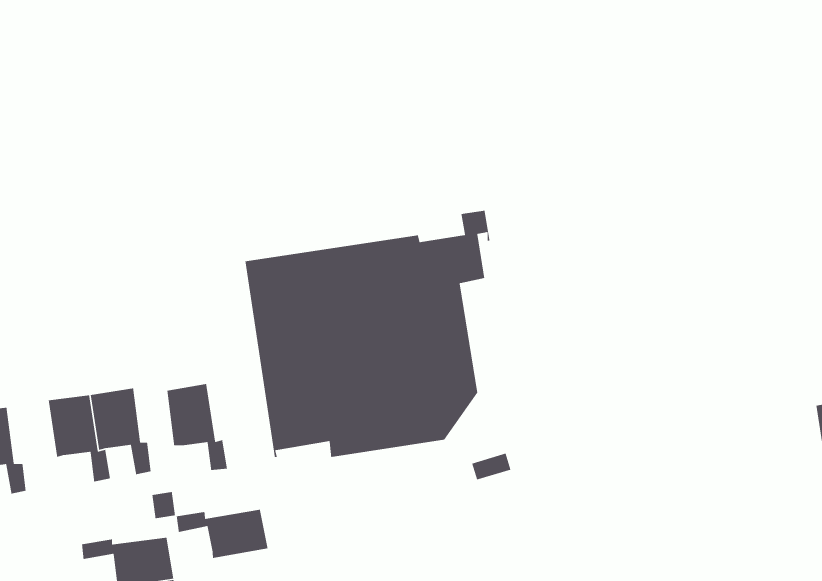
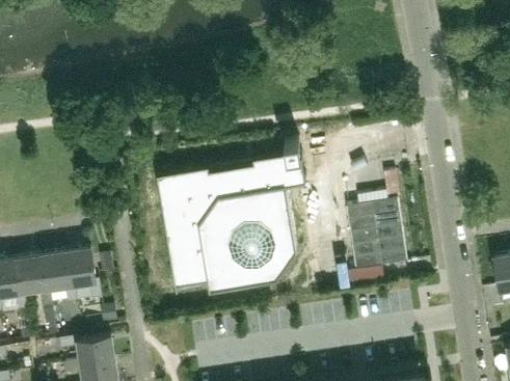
building: none -> [347,171,406,283]
building: [167,383,228,471] -> [17,254,53,306]
building: [176,509,269,559] -> none

